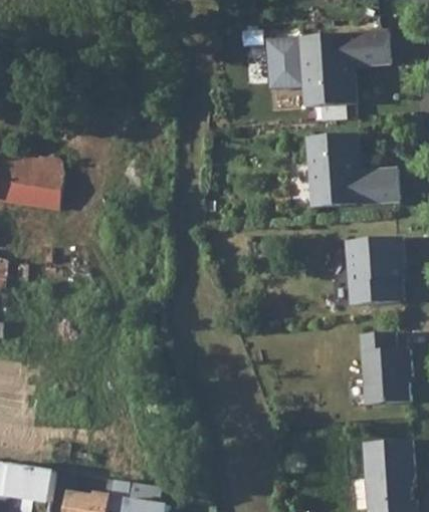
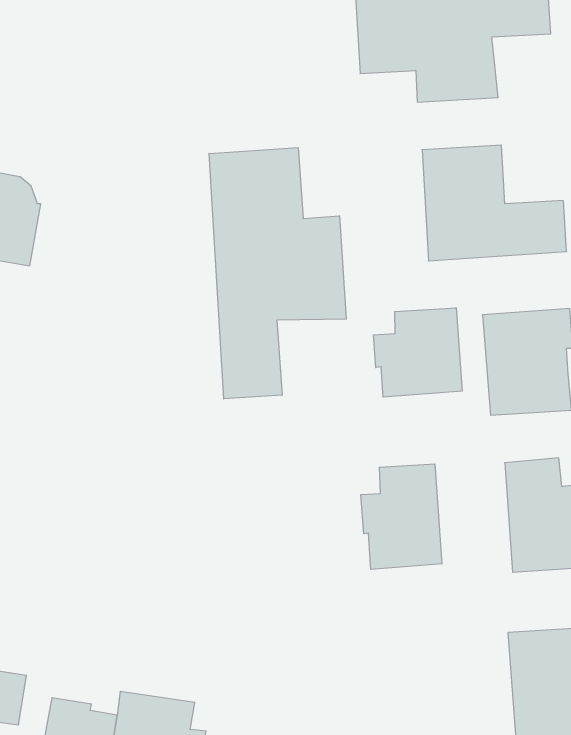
building: none -> [209,148,346,399]
building: none -> [374,308,462,397]
building: none -> [361,464,442,569]

